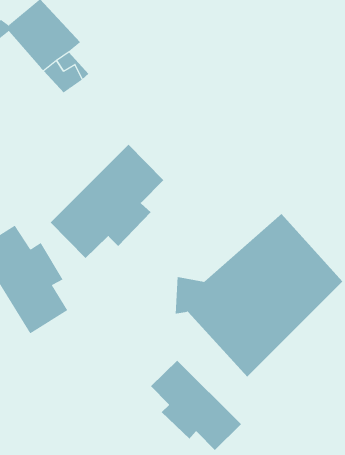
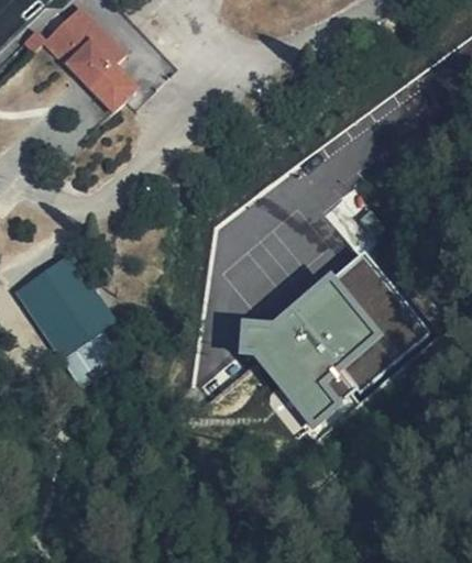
building: [50,144,164,259] -> none
building: [150,360,242,451] -> none

